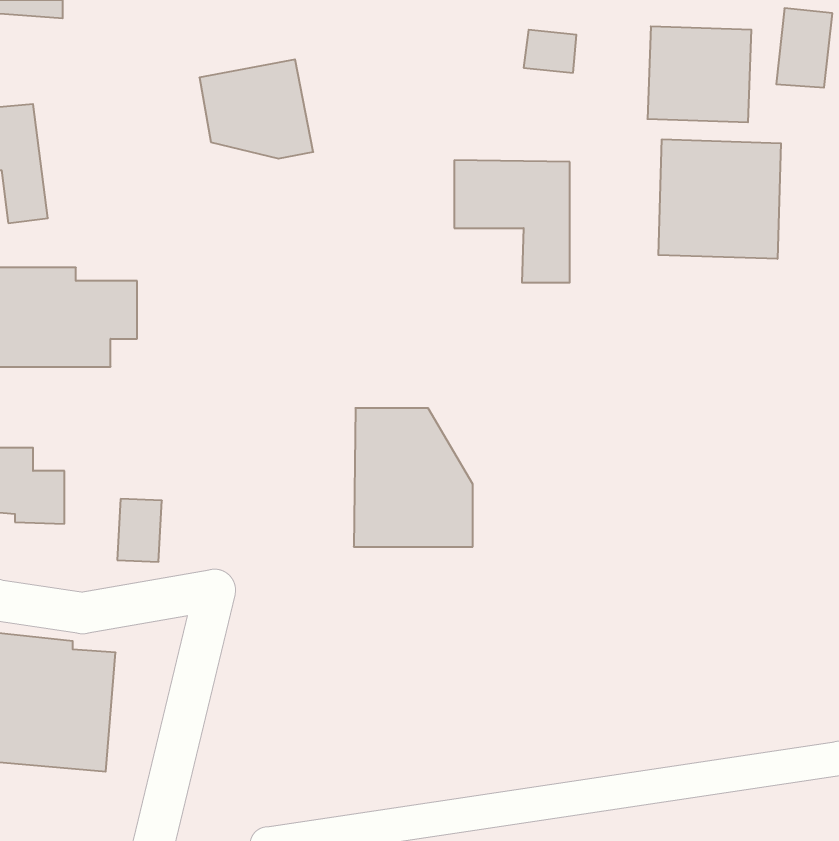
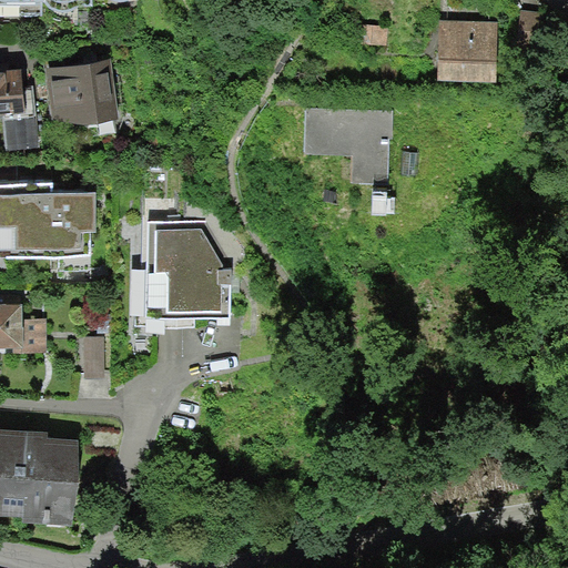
building: [199,59,313,159] -> [41,58,118,124]
building: [658,139,781,259] -> none
building: [354,408,473,547] -> [149,224,229,317]

